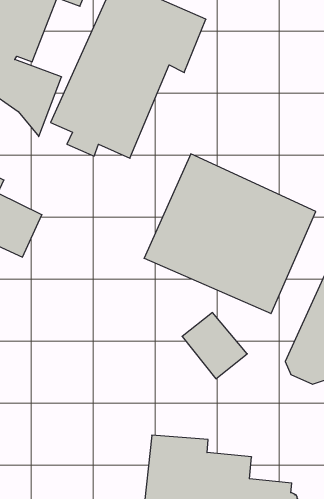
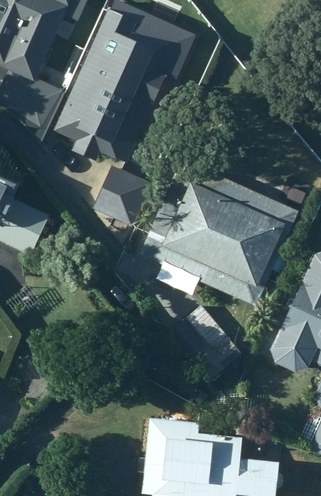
building: none -> [94,164,154,228]

